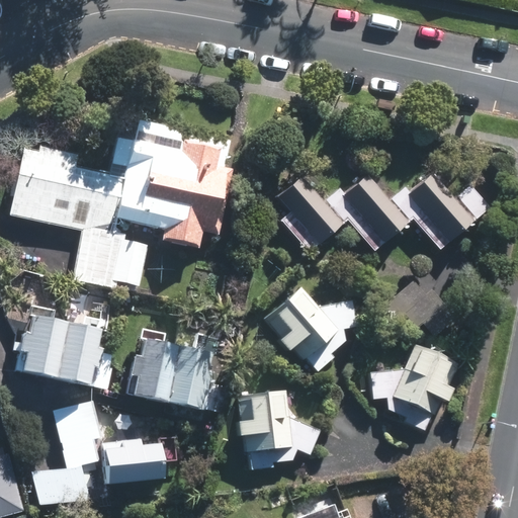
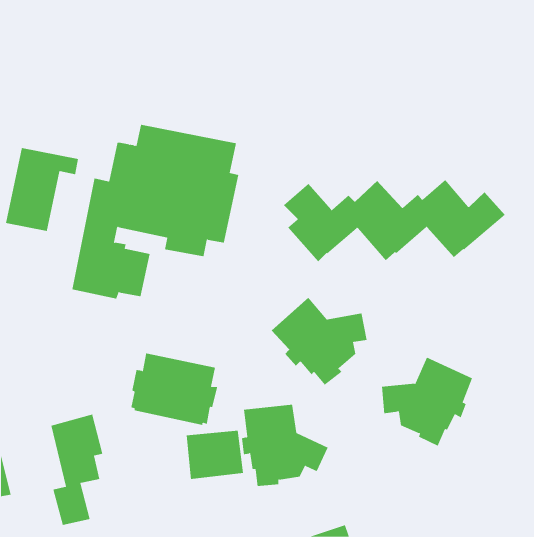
building: [18,316,102,385] -> none
building: [102,437,158,485] -> [186,430,244,480]

